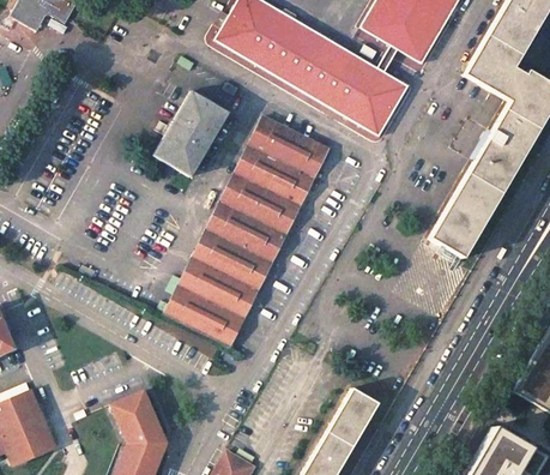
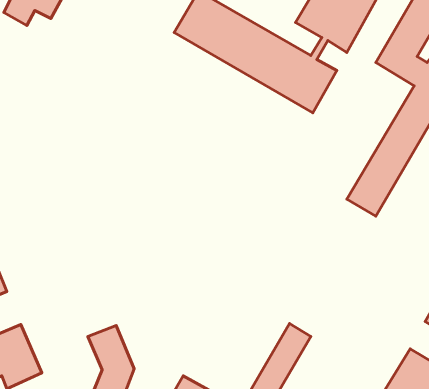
building: [156,92,229,178] -> none
building: [167,116,331,347] -> none

